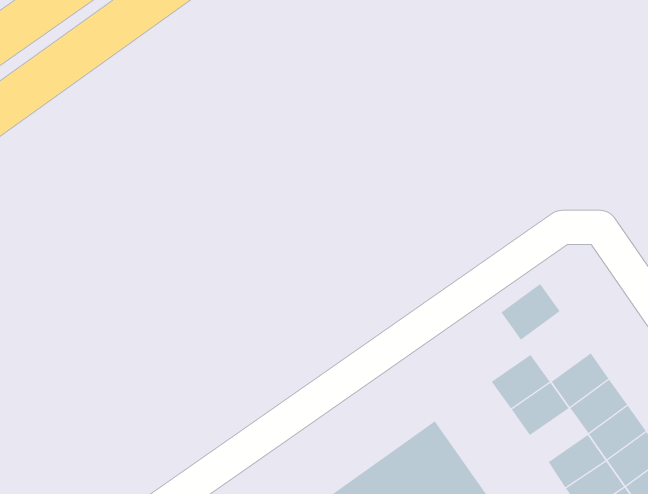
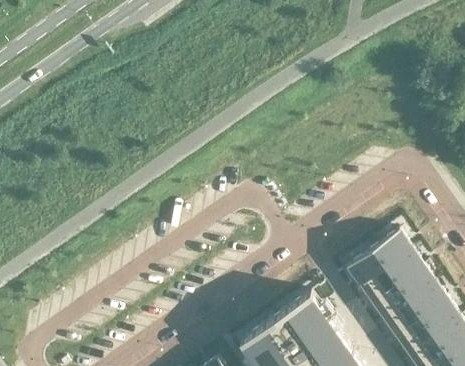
building: [500,283,561,340] -> [372,229,411,266]
building: none -> [371,283,409,318]

